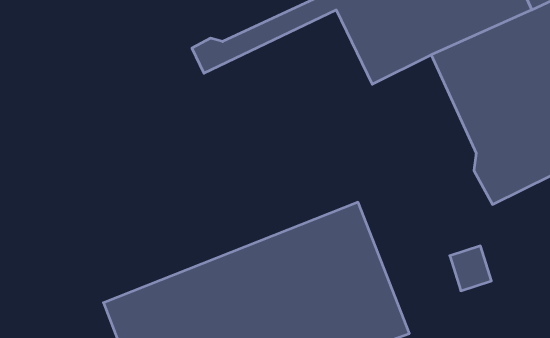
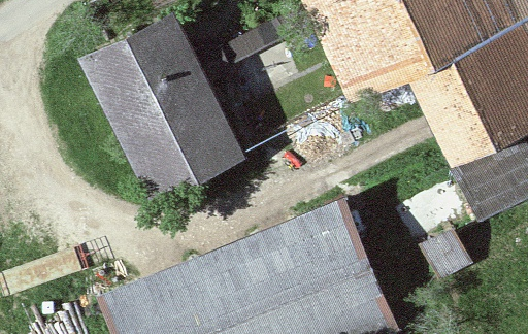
building: none -> [90,21,234,191]

